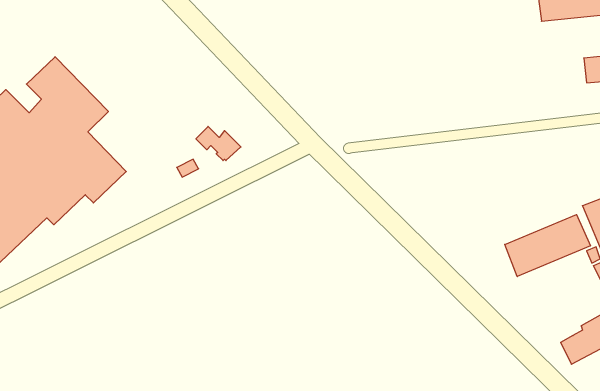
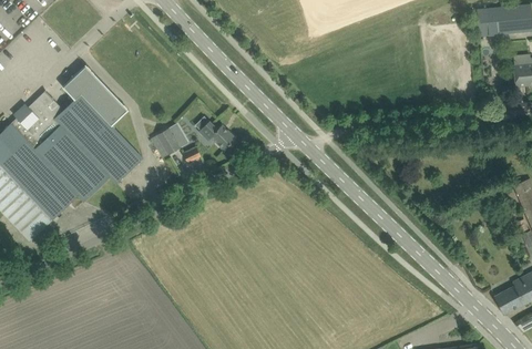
building: none -> [152,129,181,158]
building: [505,215,590,277] -> none

